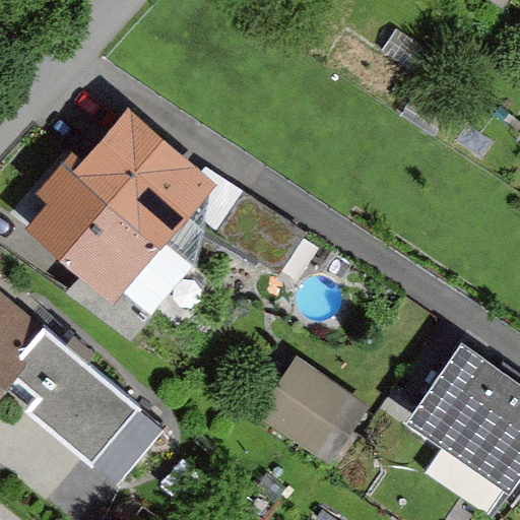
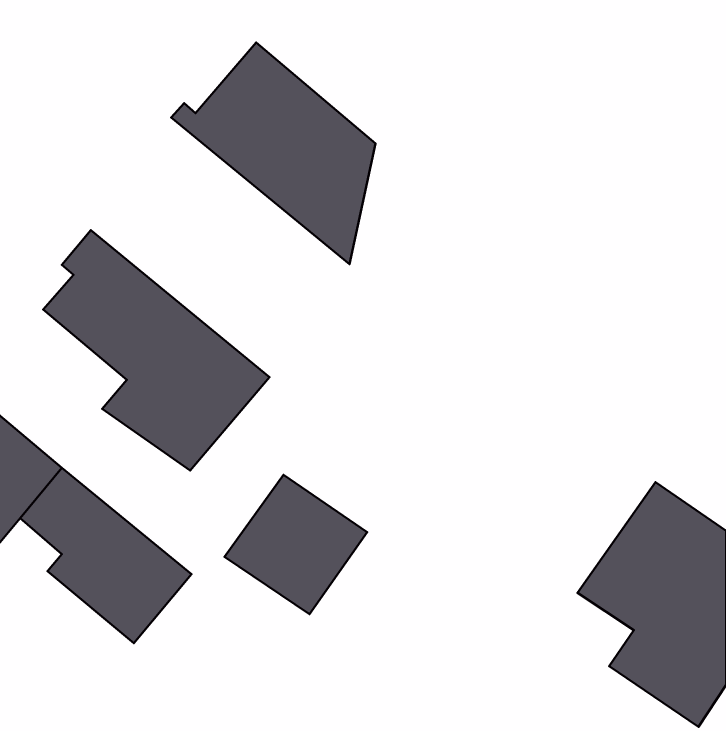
building: [64,113,208,269] -> [171,43,376,264]
building: [260,358,361,456] -> [224,475,367,614]

